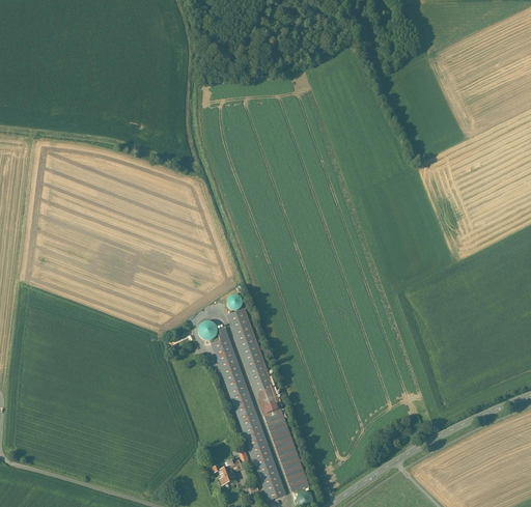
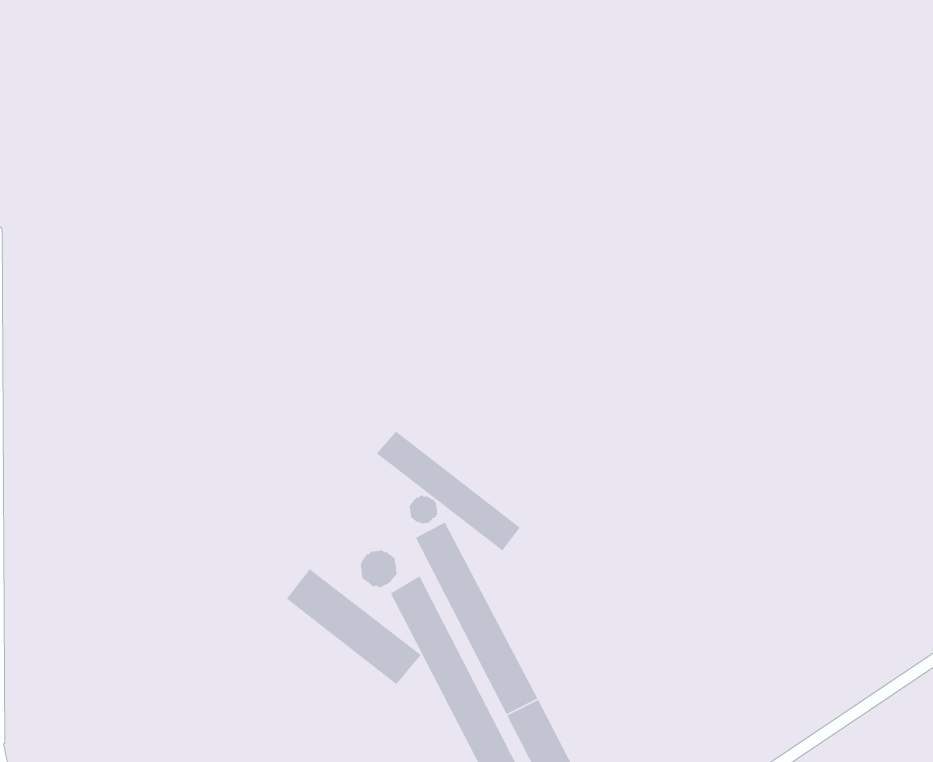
building: none -> [376,430,521,552]
building: none -> [286,568,422,685]

